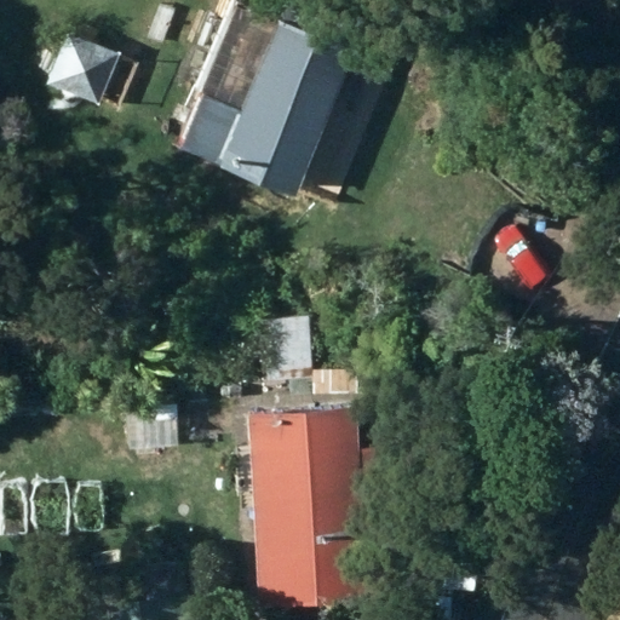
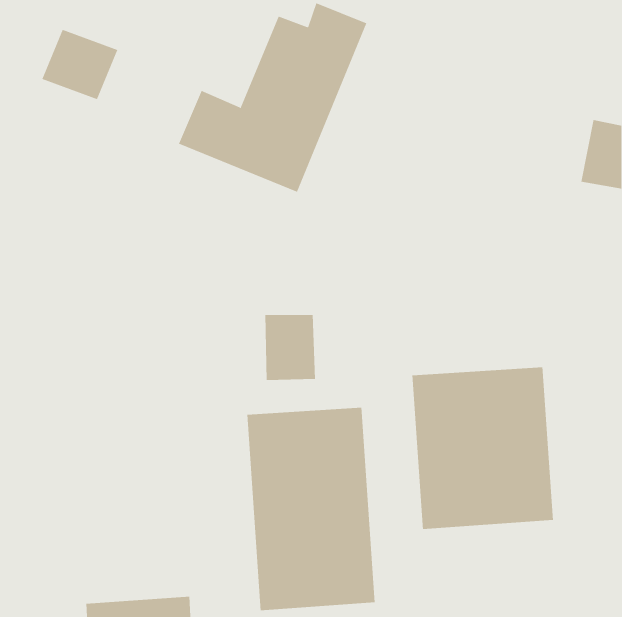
building: none -> [412,366,553,530]

